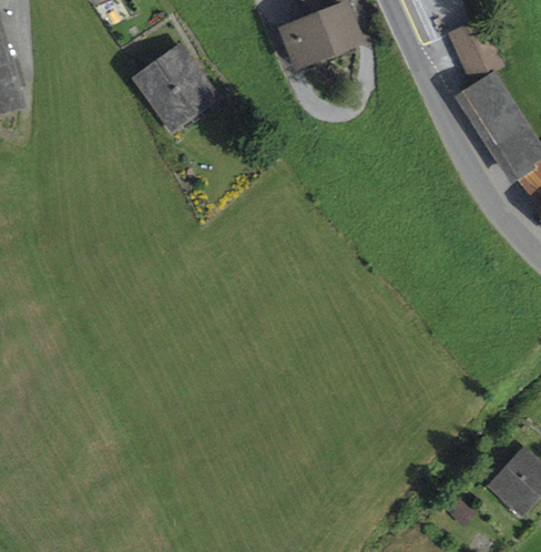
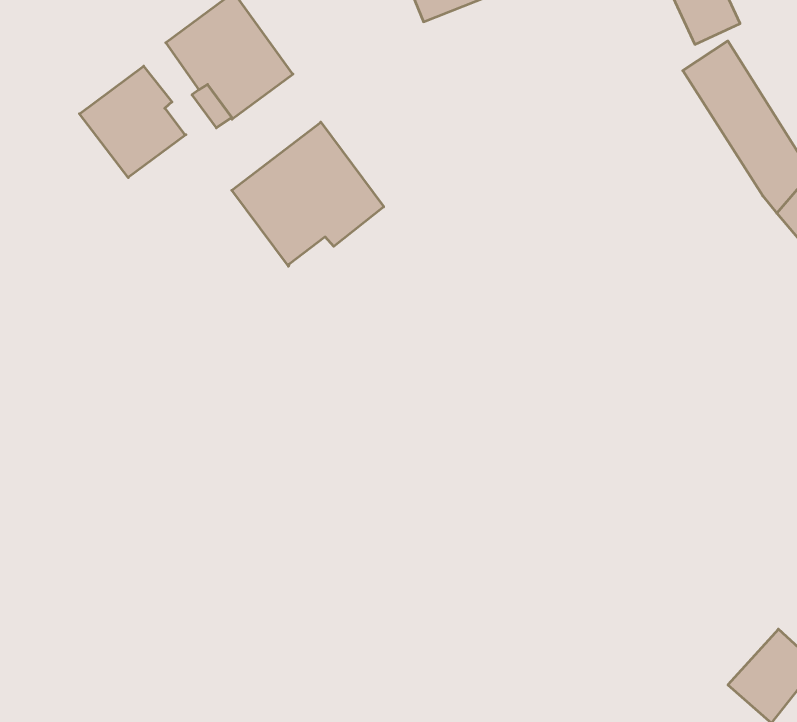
building: none -> [79,66,186,178]
building: none -> [232,122,384,266]

